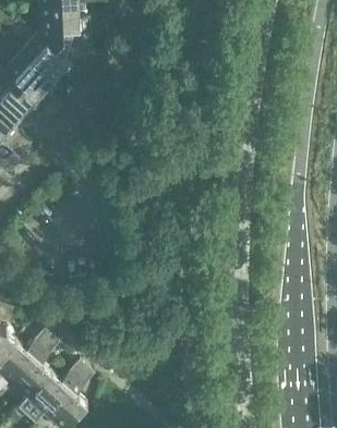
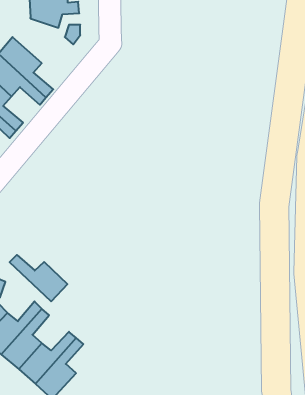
building: [21,33,76,80] -> none
building: none -> [10,255,67,301]

